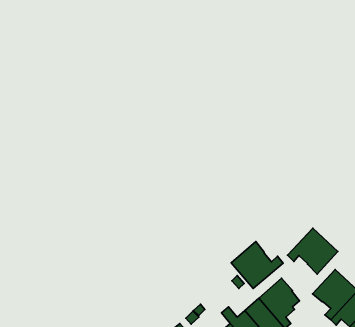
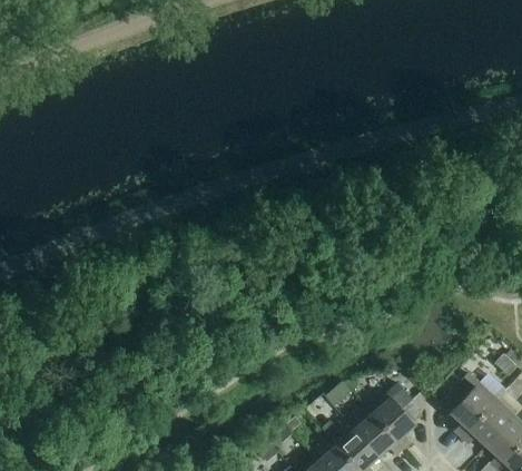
building: [287,228,338,274] -> none
building: [231,241,283,288] -> none

